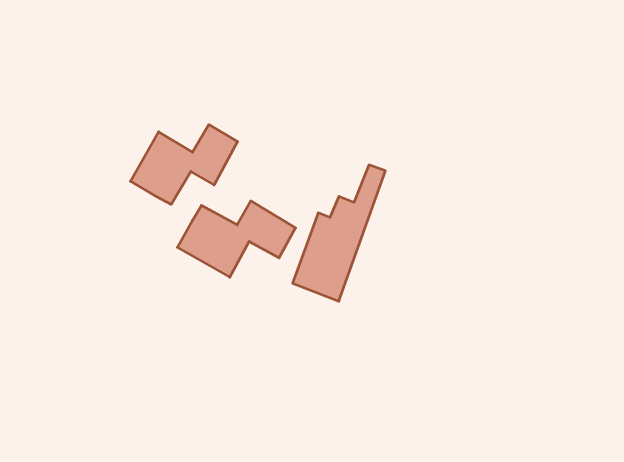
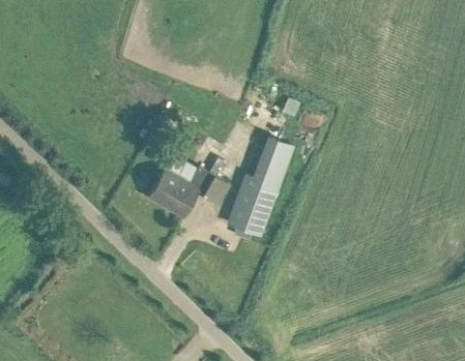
building: [130,125,238,204] -> none

